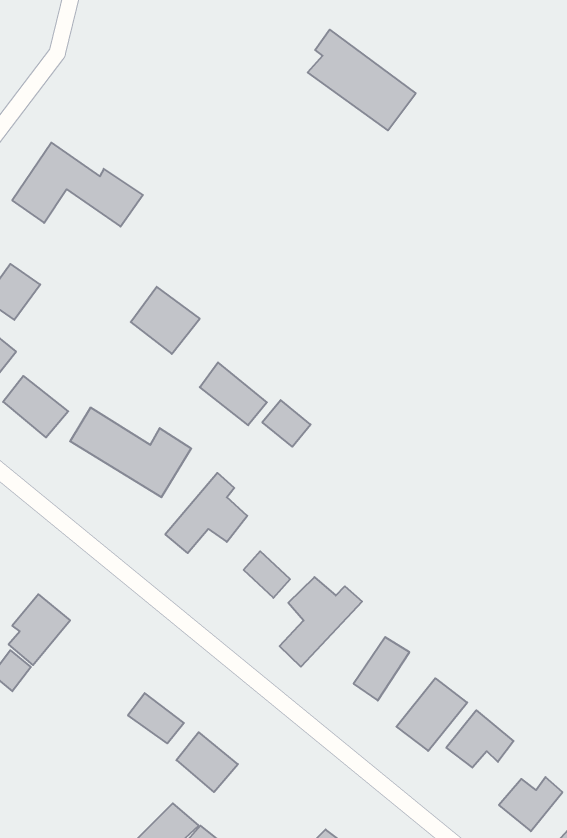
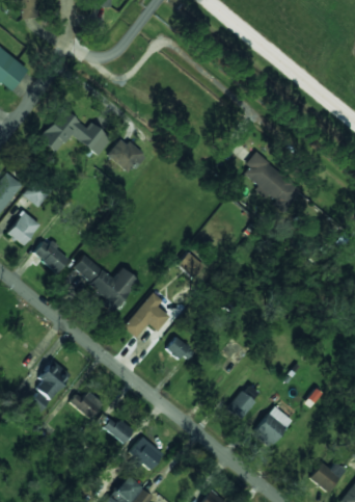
building: [308,30,416,130] -> [242,153,302,209]
building: [131,287,200,354] -> [107,137,145,175]
building: [200,362,267,425] -> none
building: [280,577,362,667] -> none
building: none -> [70,390,103,418]
building: [446,710,514,768] -> none

